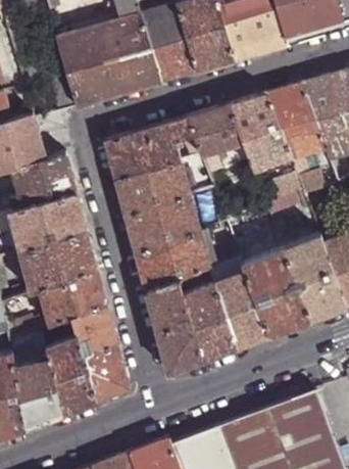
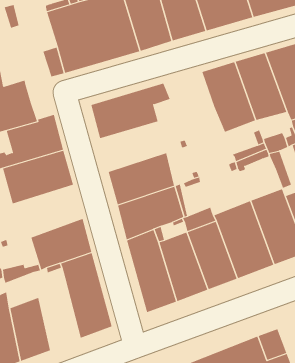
building: [187,105,242,156] -> none
building: [115,160,190,217] -> none
building: [18,231,97,293] -> none
building: [46,334,94,415] -> none

